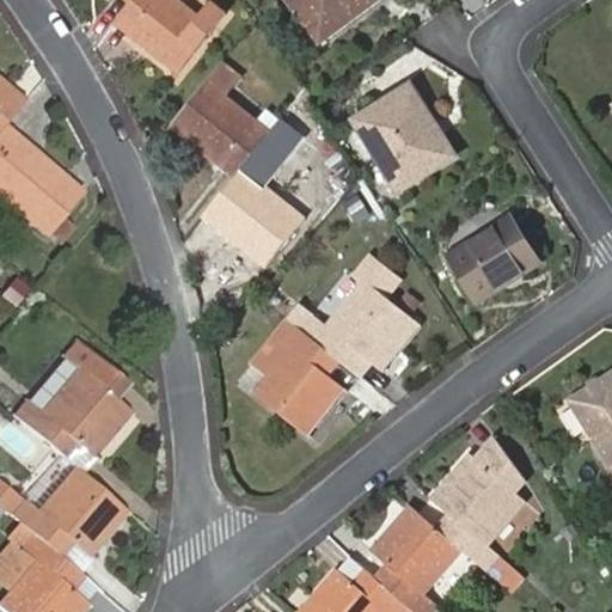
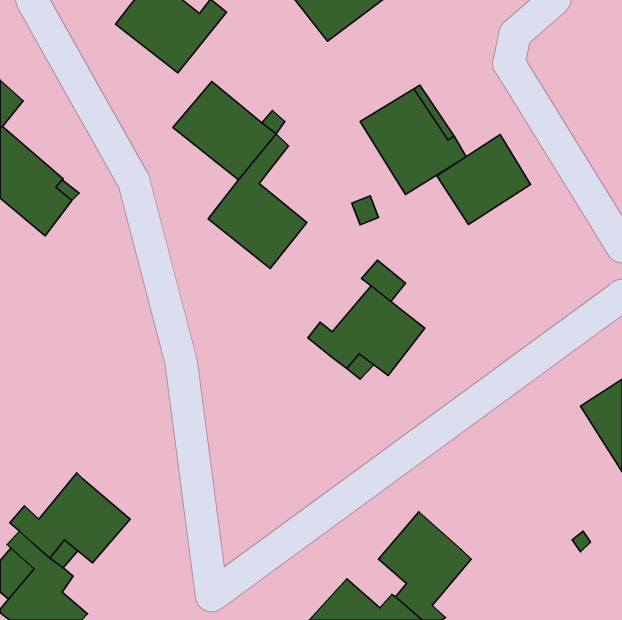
building: [448,214,540,302] -> [437,135,531,225]
building: [252,320,343,433] -> none
building: [14,341,129,471] -> none
building: [433,439,525,570] -> none

